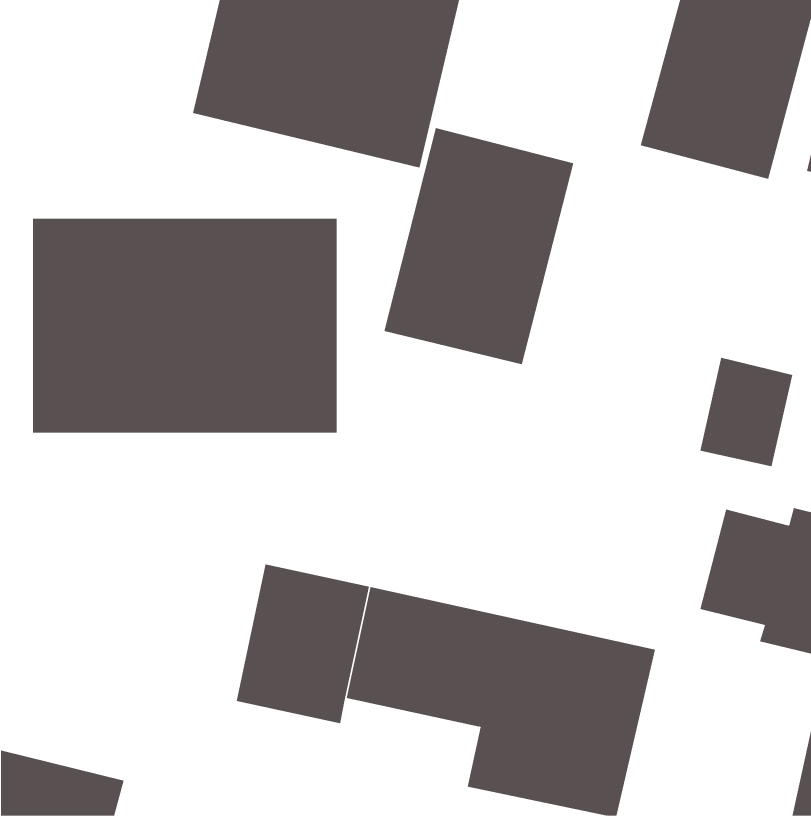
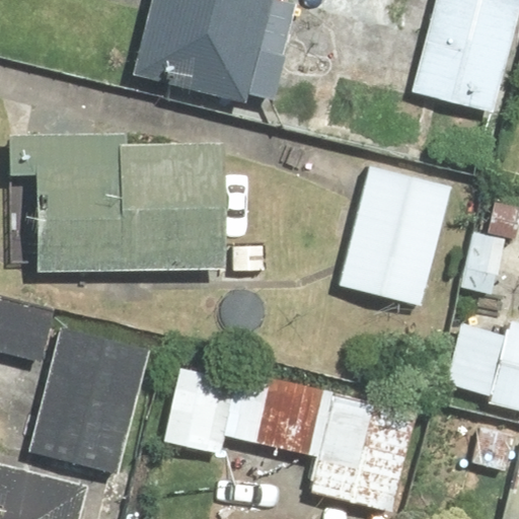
building: [384,127,574,365] -> [336,157,455,306]
building: none -> [28,323,151,476]

